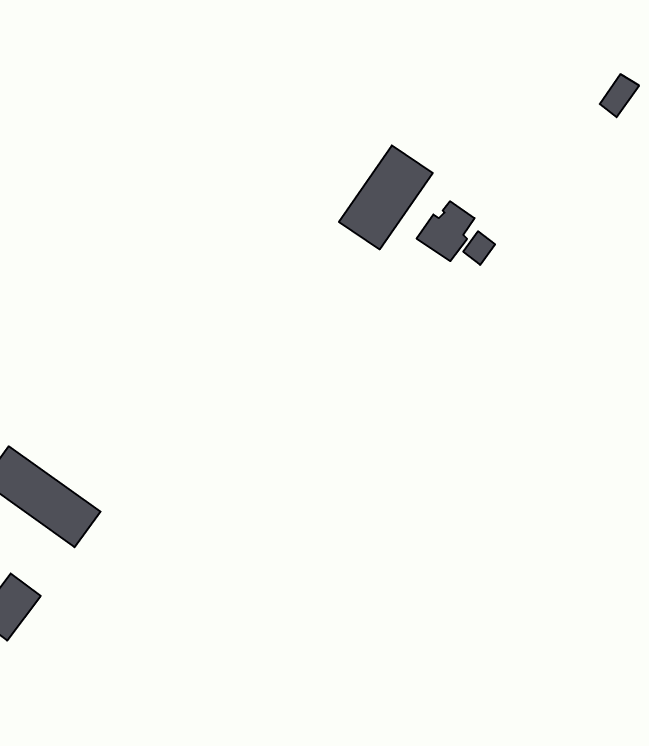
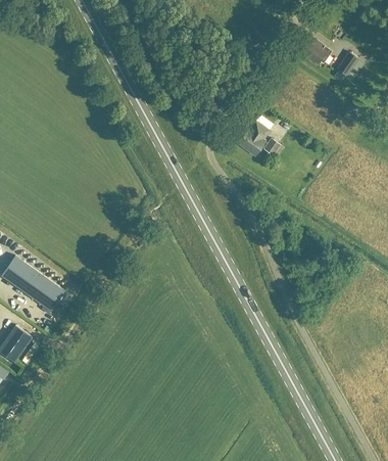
building: none -> [301,37,332,63]
building: [339,145,433,249] -> none

